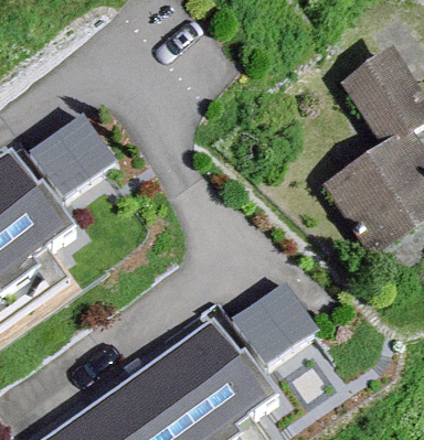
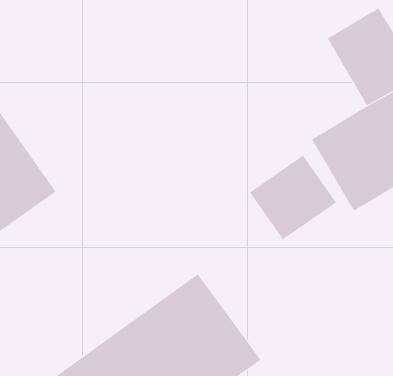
building: [31,112,117,197] -> none
building: [231,283,318,368] -> [249,155,337,240]

